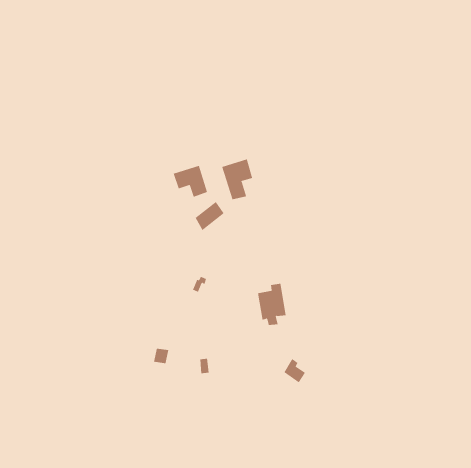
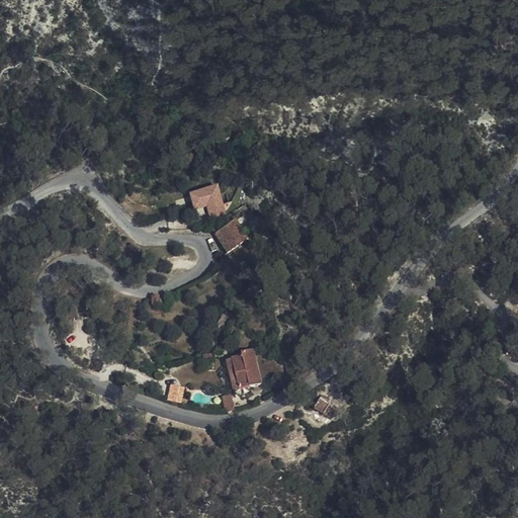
building: [222,158,253,200] -> none
building: [257,283,287,326] -> [227,350,259,397]

